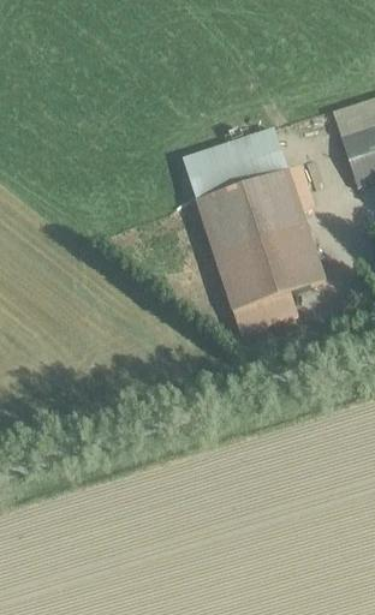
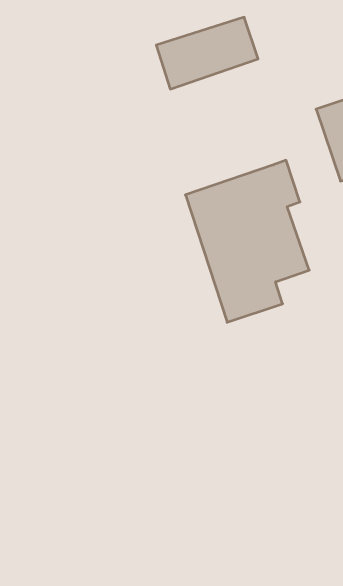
building: [183,129,288,203] -> [156,17,258,89]

